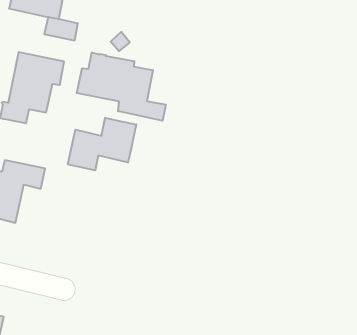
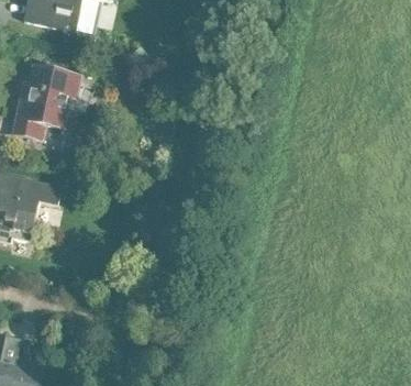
building: [77,53,166,121] -> none
building: [68,118,136,170] -> none

